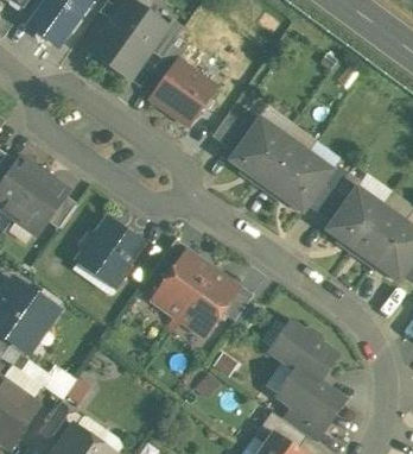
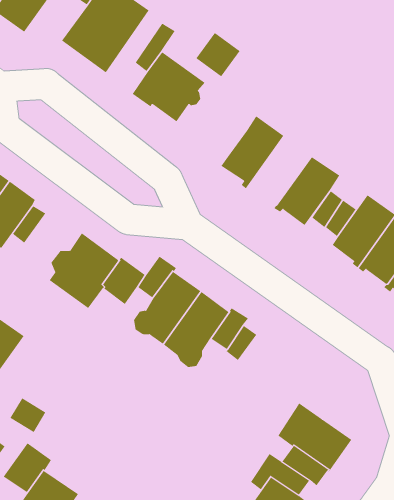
building: [212,113,252,152] -> [196,32,240,77]
building: [252,134,309,195] -> none
building: [272,322,337,382] -> none

